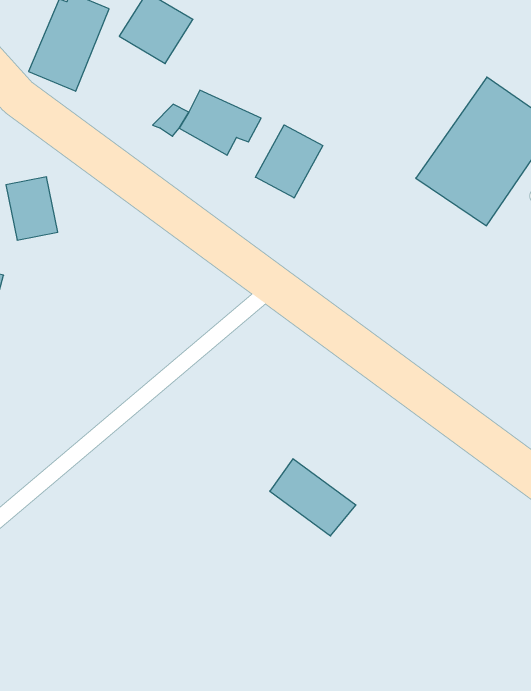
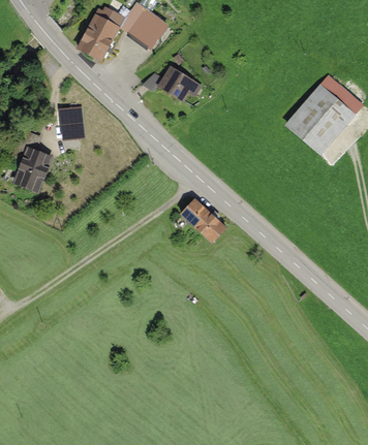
building: [255,125,323,198] -> none
building: [270,459,356,536] -> [181,198,227,243]

